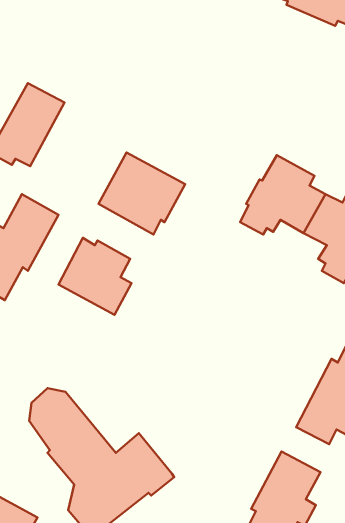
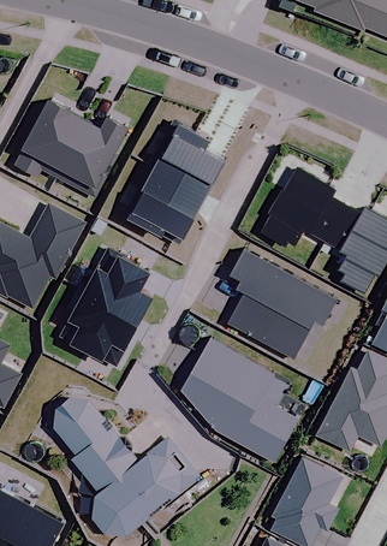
building: none -> [55,112,131,198]
building: none -> [150,118,230,195]
building: none -> [227,250,334,358]
building: none -> [59,293,138,366]
building: none -> [184,340,297,464]

